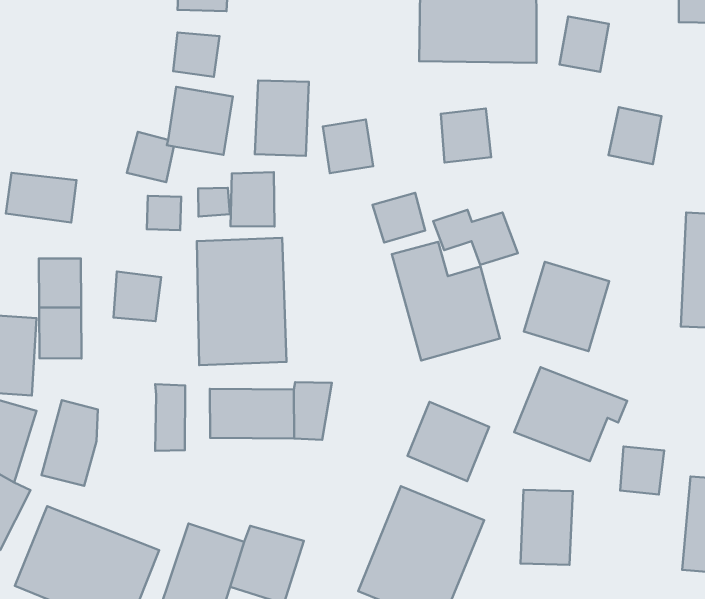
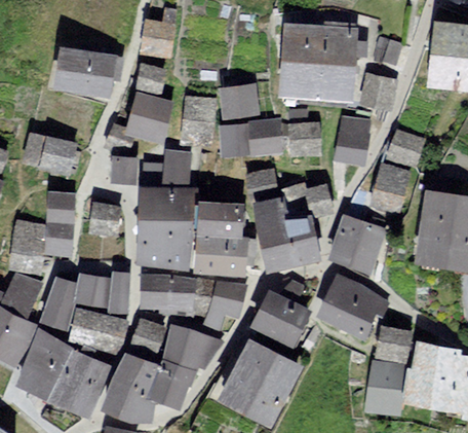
building: none -> [60,50,114,91]
building: none -> [221,84,257,117]
building: none -> [336,115,367,160]
building: none -> [247,121,280,152]
building: none -> [373,166,407,210]
building: none -> [200,204,248,272]
building: none -> [203,278,244,328]
building: none -> [75,272,112,305]
building: none -> [69,309,123,352]
building: none -> [129,319,164,358]
building: none -> [161,325,222,372]
building: [521,490,573,565] -> [368,364,402,410]

